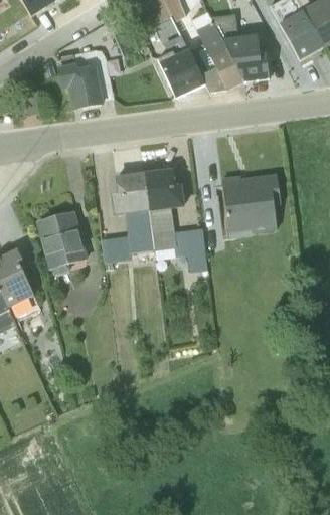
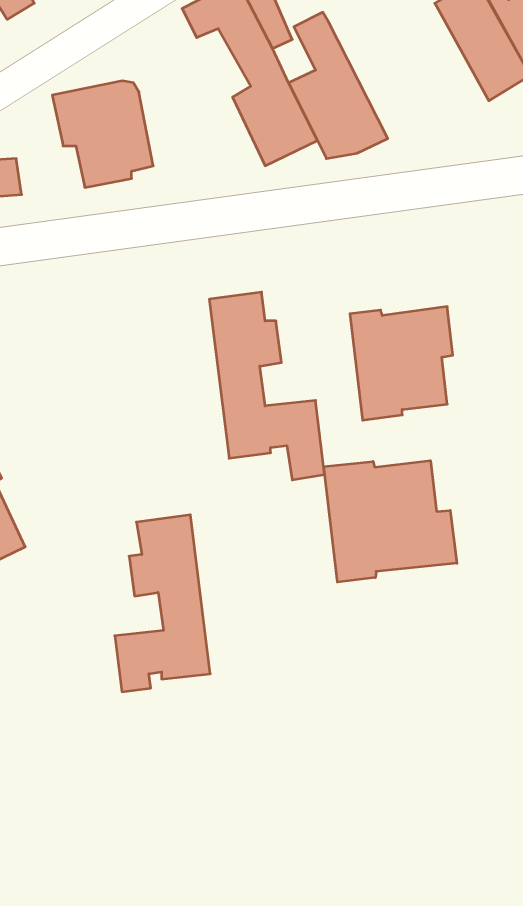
building: [210,13,269,81] -> none
building: [102,171,155,270] -> [115,515,210,692]
building: [38,212,86,275] -> none
building: none -> [324,461,457,582]

